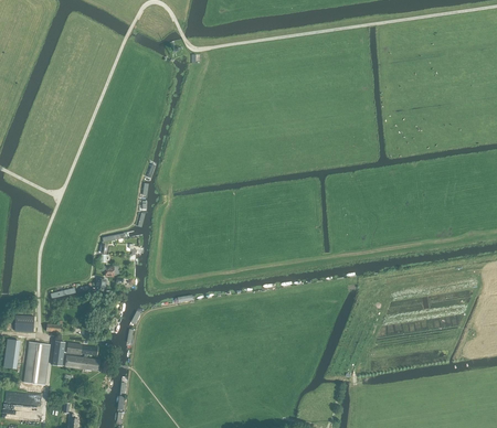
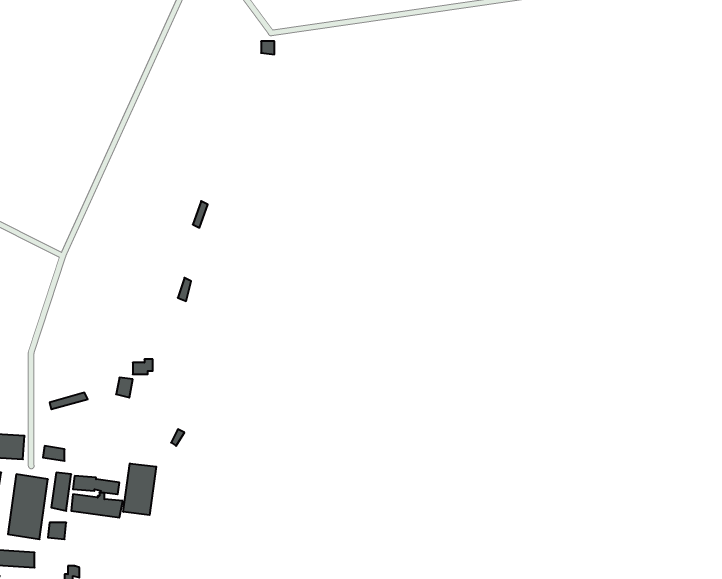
building: none -> [123,463,156,515]

